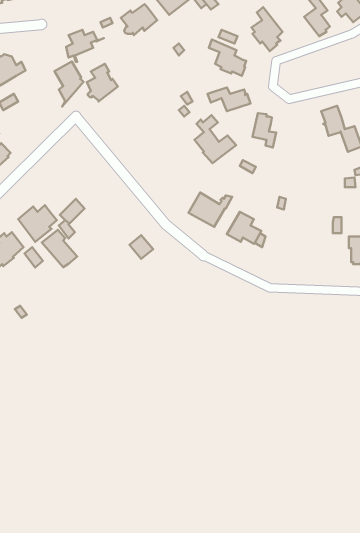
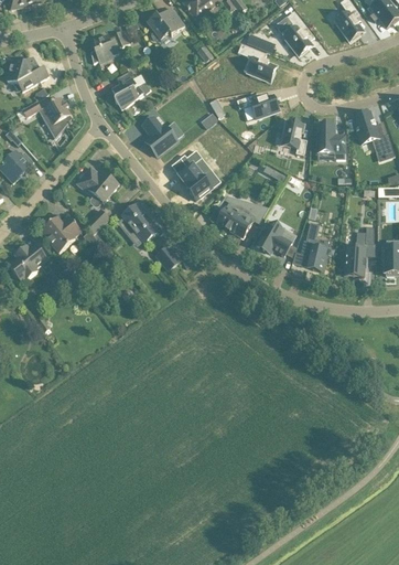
building: [55,62,83,107] -> [43,96,73,142]
building: none -> [142,115,176,154]
building: [194,115,236,163] -> [177,149,220,199]
building: none -> [317,124,345,158]
building: none -> [76,166,118,201]
building: none -> [300,221,327,270]
building: [42,230,77,267] -> [121,202,158,241]
building: none -> [339,246,365,276]

